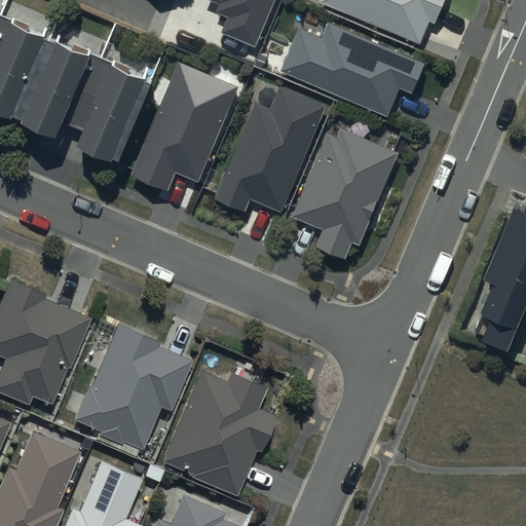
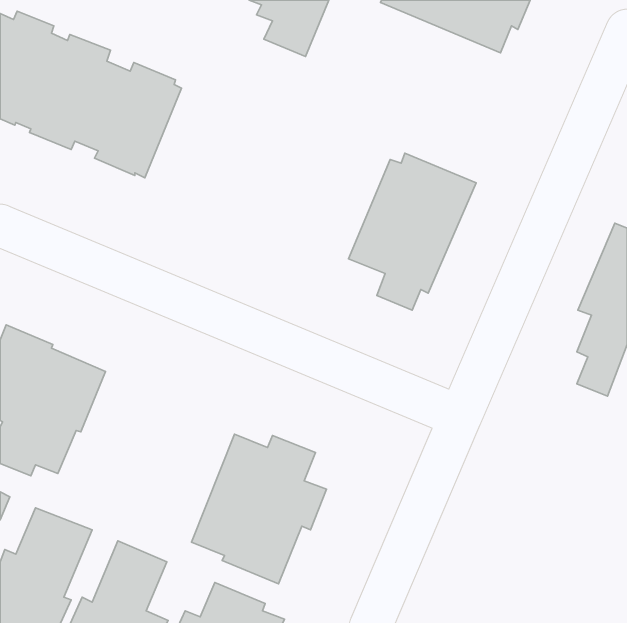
building: [280,26,426,119] -> none
building: [129,65,238,196] -> none
building: [216,88,327,216] -> none
building: [70,321,188,447] -> none

